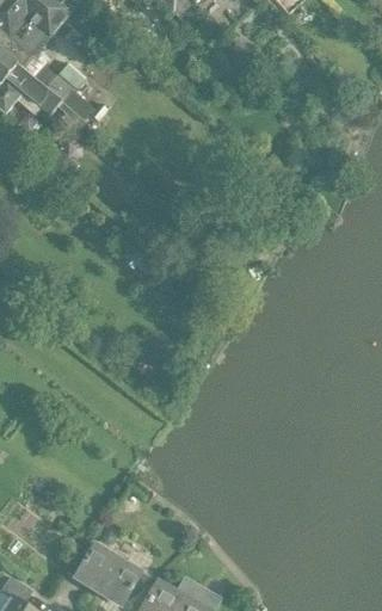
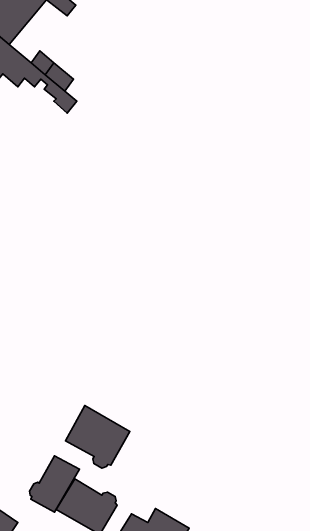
building: none -> [65,406,130,468]
building: none -> [30,456,79,512]

